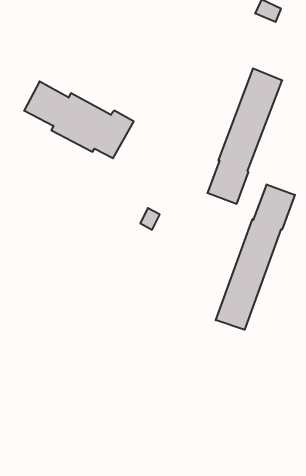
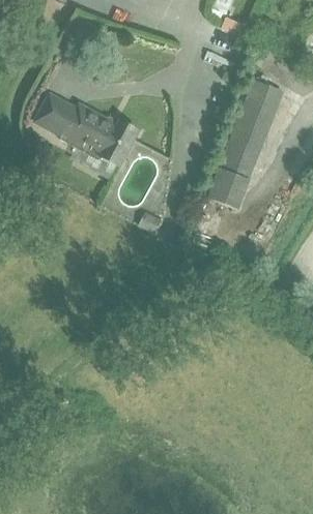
building: [216,184,295,330] -> none

